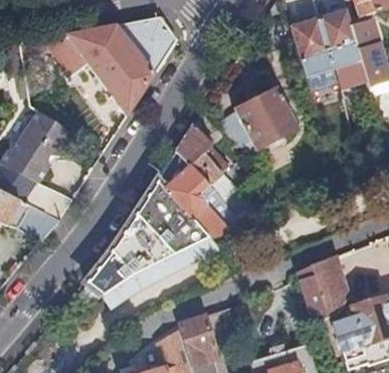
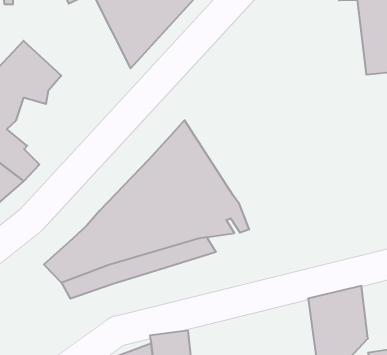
building: [220,86,297,148] -> none
building: [175,123,238,202] -> none

